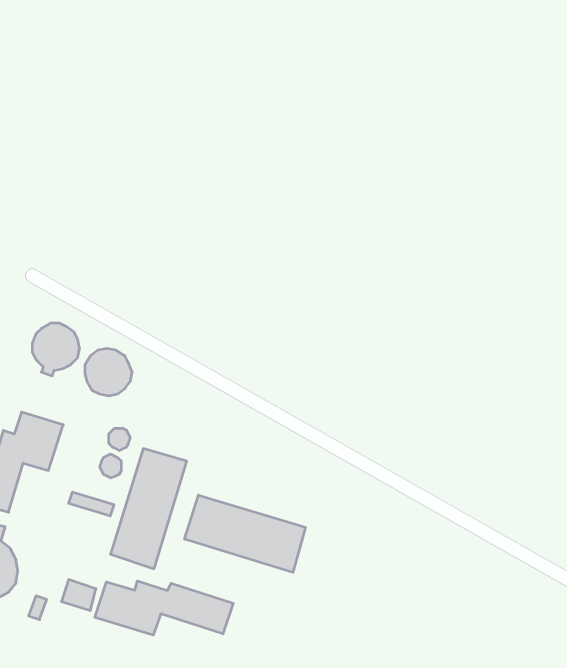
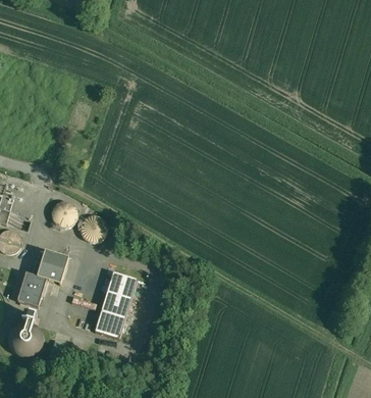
building: [185,495,305,572] -> none
building: [95,581,233,635] -> none

